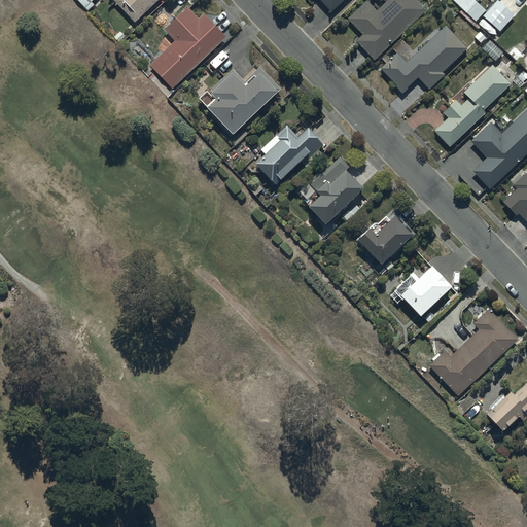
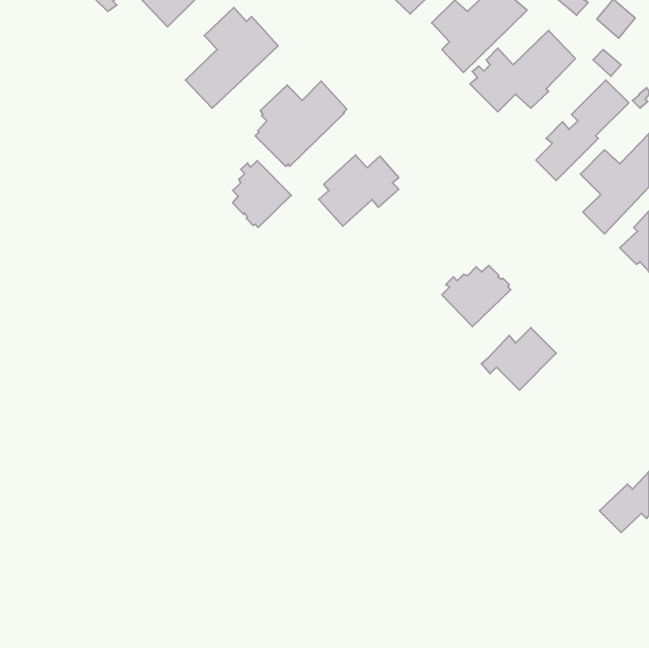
building: none -> [233,161,291,227]
building: [308,156,365,224] -> none
building: [430,309,517,394] -> none

